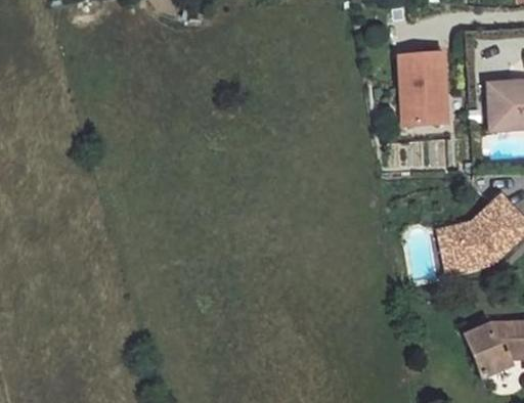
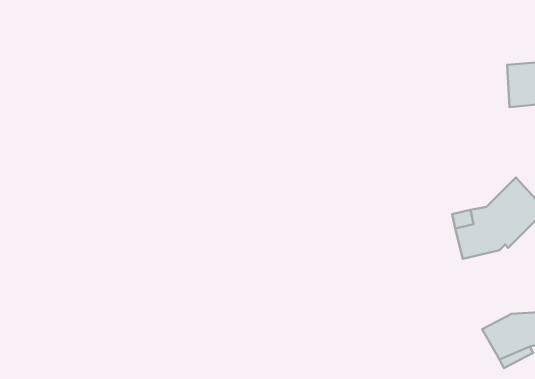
building: [399,55,450,127] -> none

